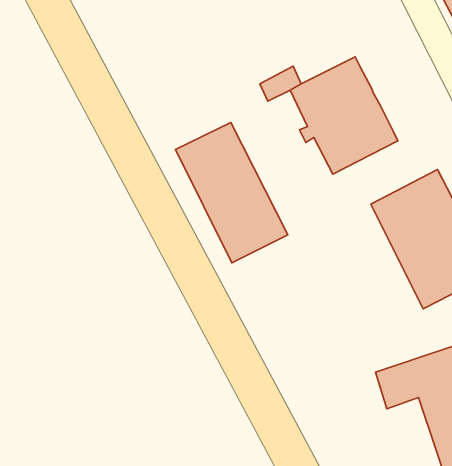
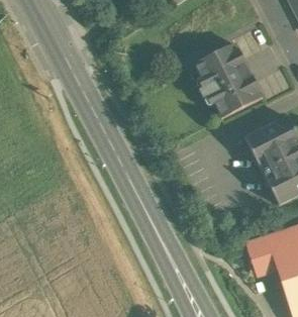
building: [176,123,288,263] -> none

